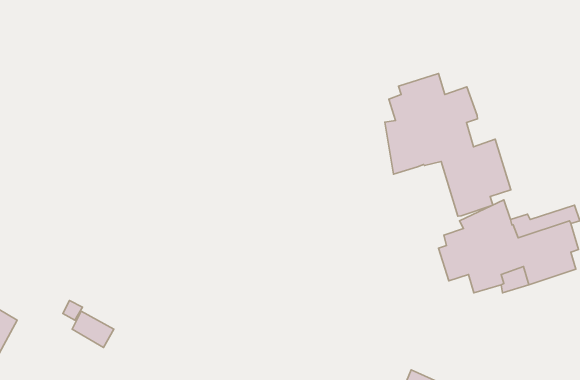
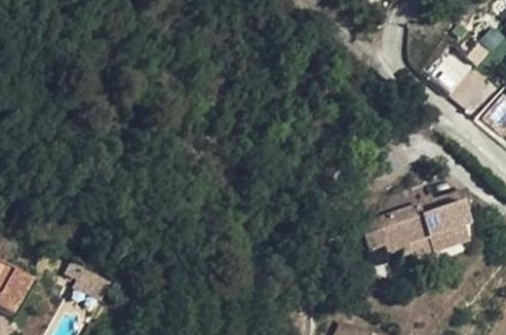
building: [385,73,511,216] -> none

